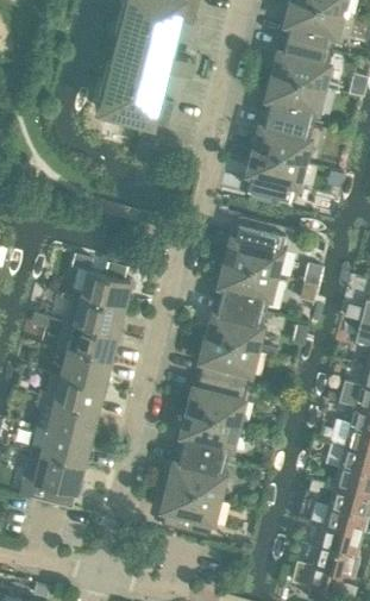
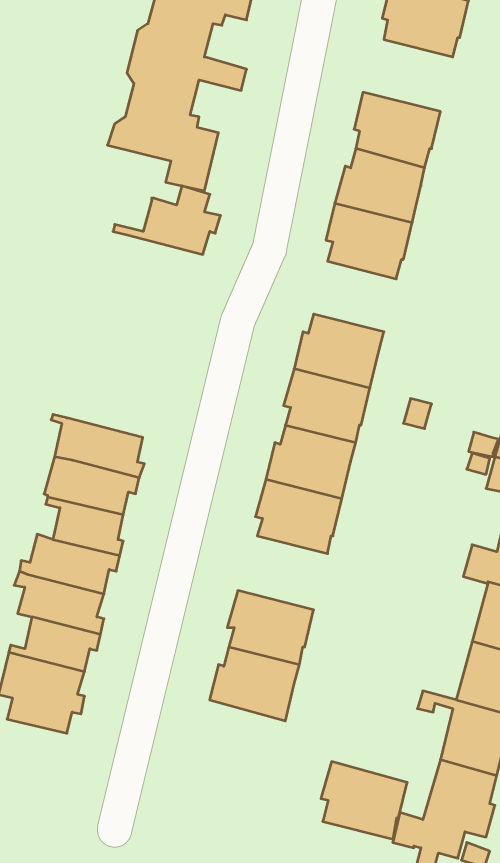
building: [271,38,332,87] -> none
building: [62,261,134,307] -> [113,186,221,254]
building: [187,374,247,424] -> none
building: [161,484,219,537] -> [321,762,407,839]

